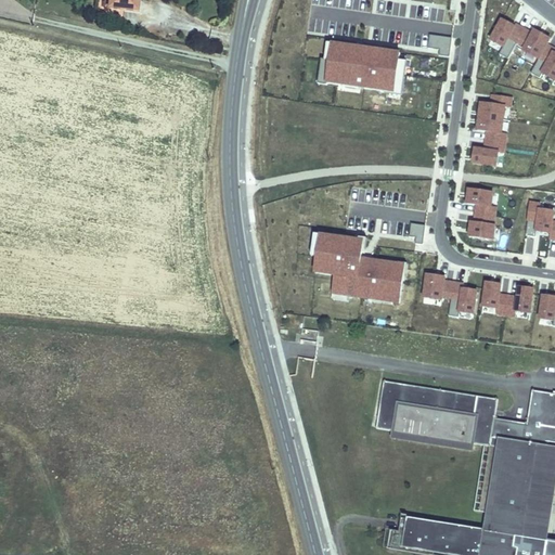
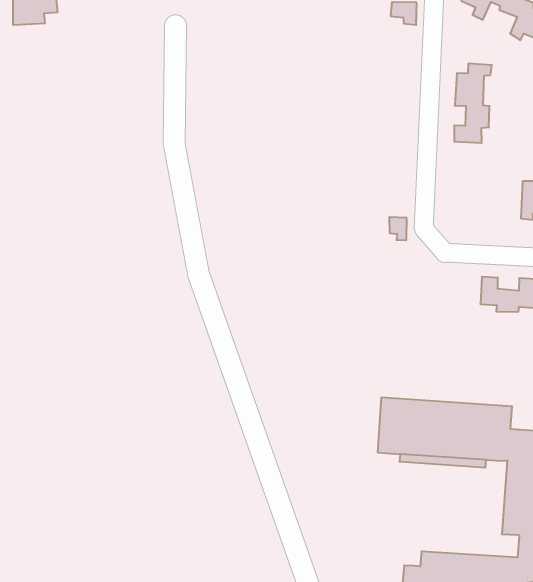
building: [318,42,404,90] -> none
building: [465,188,495,238] -> none
building: [315,233,406,304] -> none
building: [422,272,476,315] -> none

